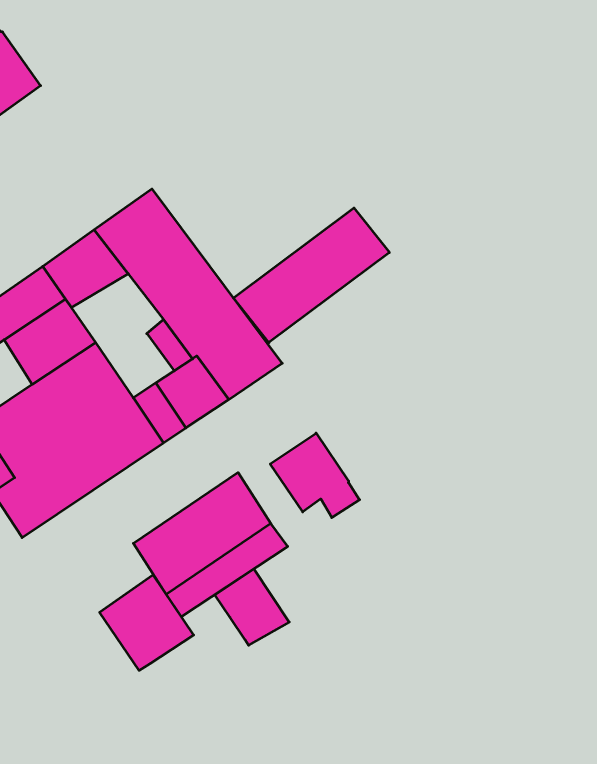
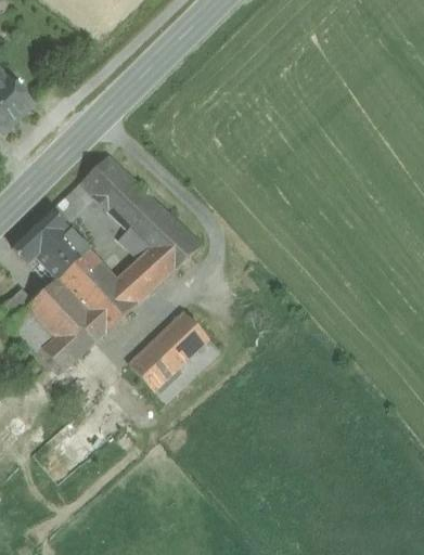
building: [233,208,389,343] -> none
building: [270,433,360,518] -> none
building: [215,569,289,645] -> none
building: [100,575,194,670] -> none

